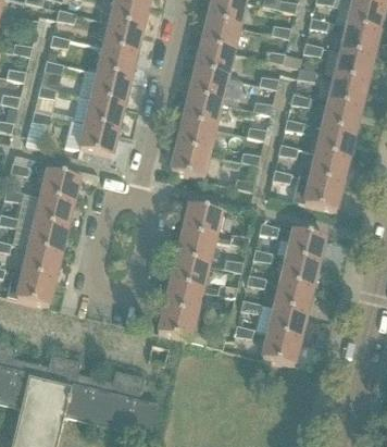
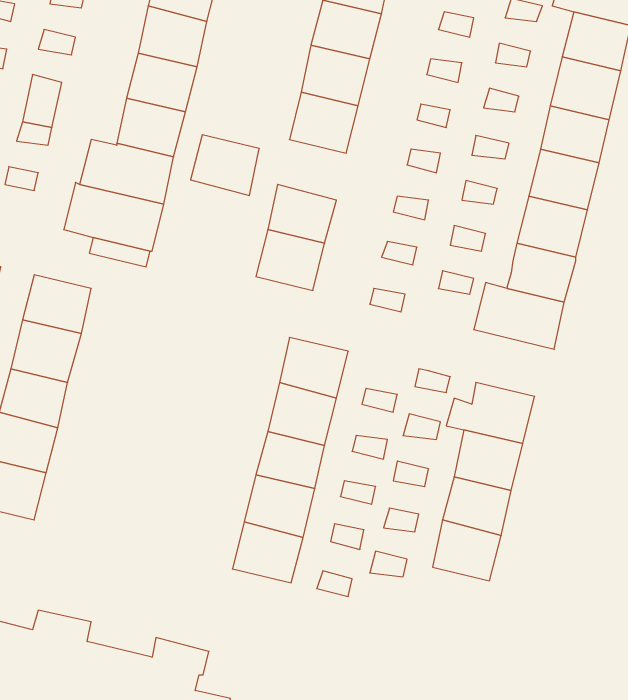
building: [182,96,220,129] -> [191,135,259,196]
building: [261,333,299,367] -> none

